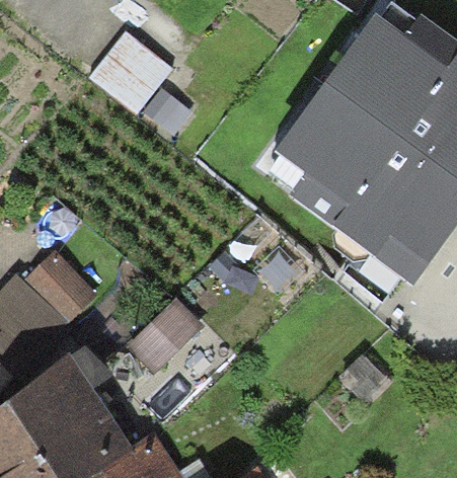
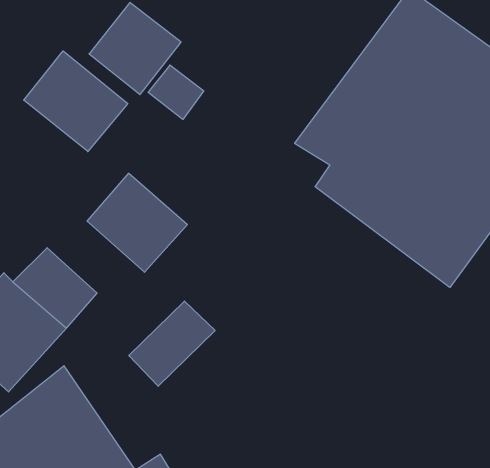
building: none -> [24,51,128,152]
building: none -> [87,173,187,272]

